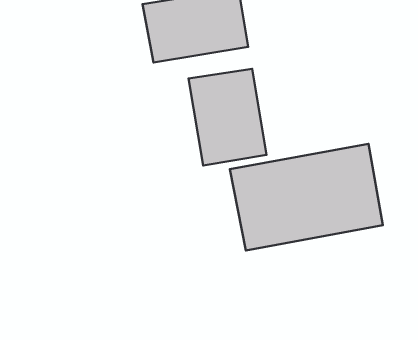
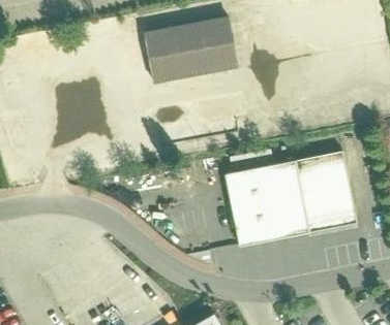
building: [188,69,267,165] -> none

